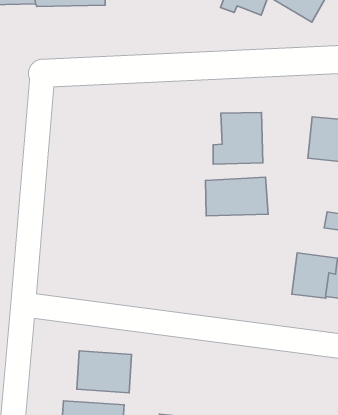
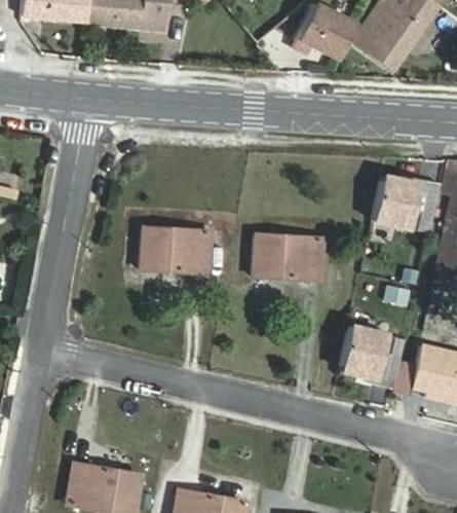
building: [213,113,263,164] -> none
building: none -> [141,227,211,272]
building: [77,351,132,393] -> none

